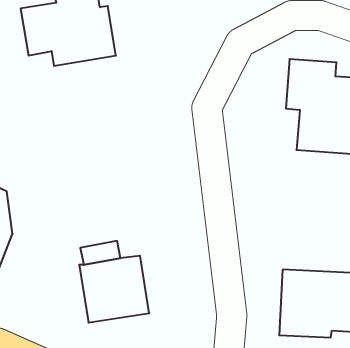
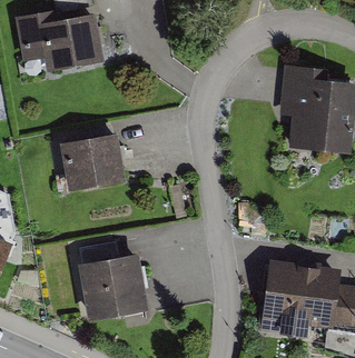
building: none -> [60,133,125,189]

